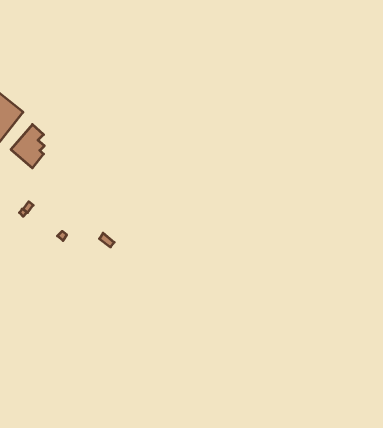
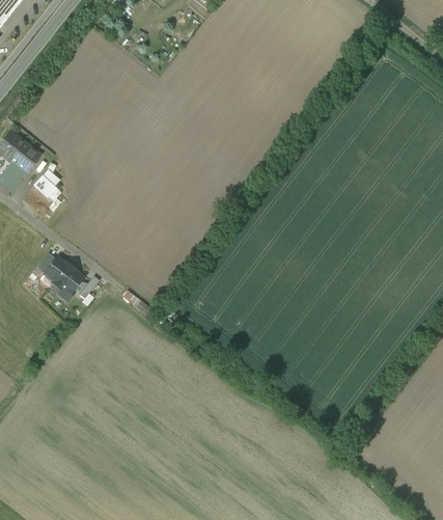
building: none -> [41,253,80,290]

